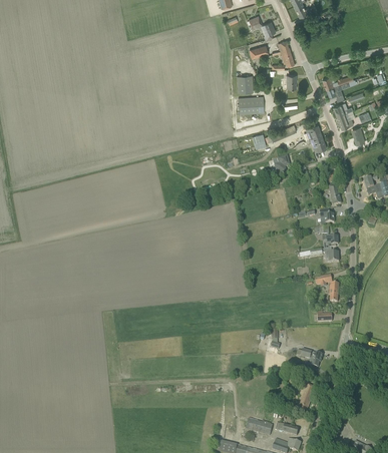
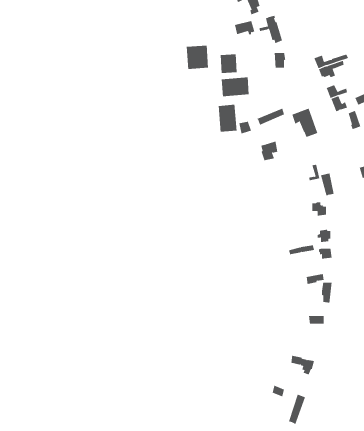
building: none -> [186,45,208,70]
building: none -> [218,104,237,133]

